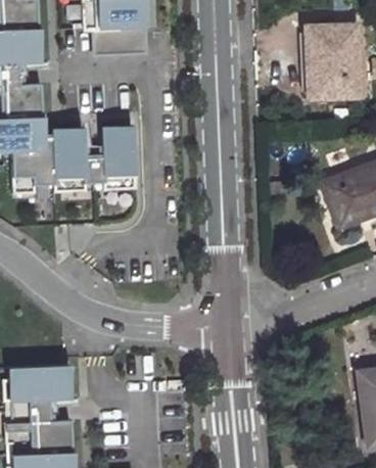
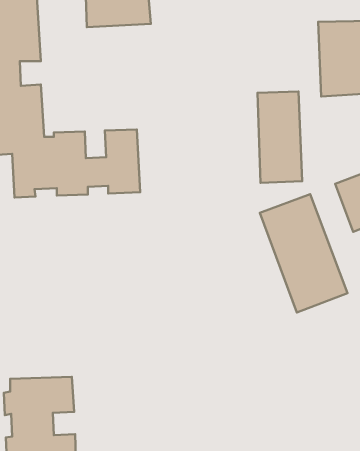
building: none -> [257,91,302,183]
building: none -> [260,194,348,313]

